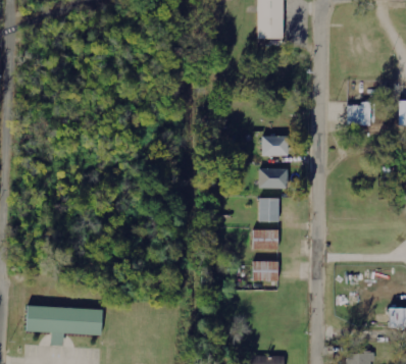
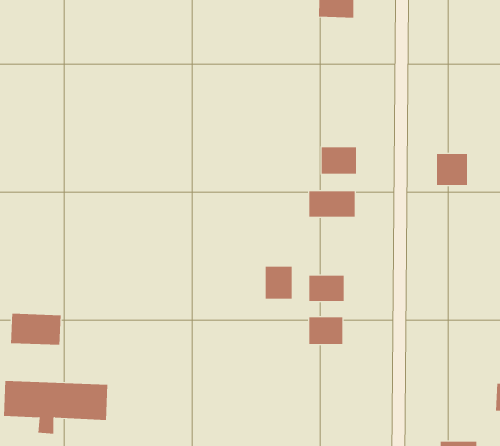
building: [346,102,369,125] -> [436,154,468,185]
building: [257,197,277,221] -> [265,266,292,299]
building: none -> [11,313,61,346]

